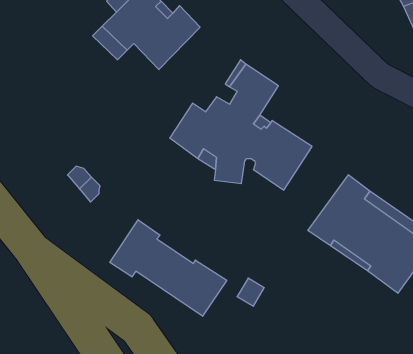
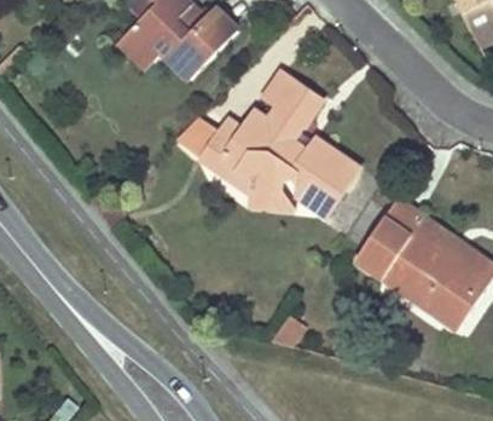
building: [110,220,227,316] -> none

